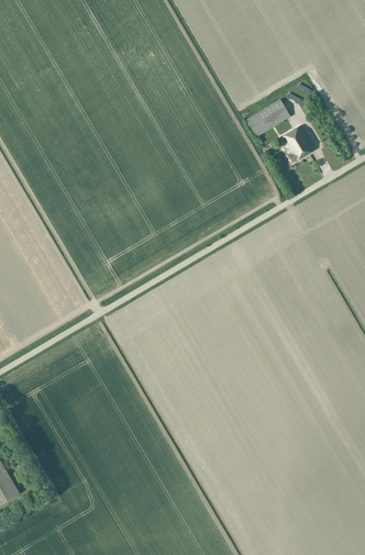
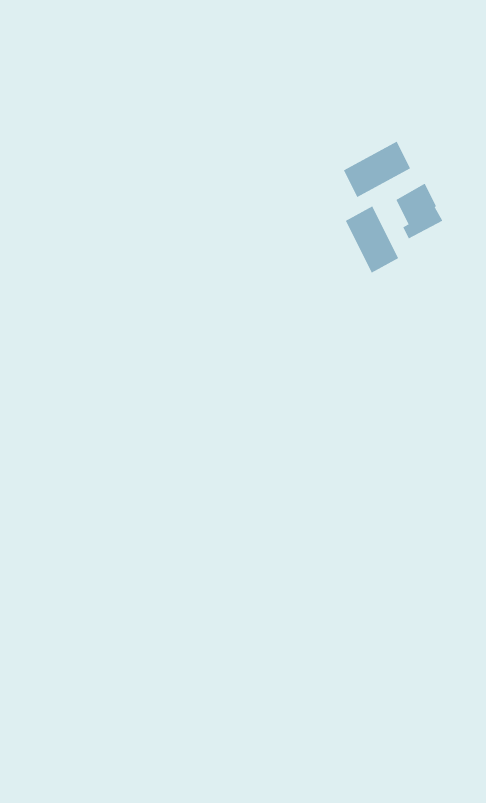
building: none -> [345,206,399,273]

